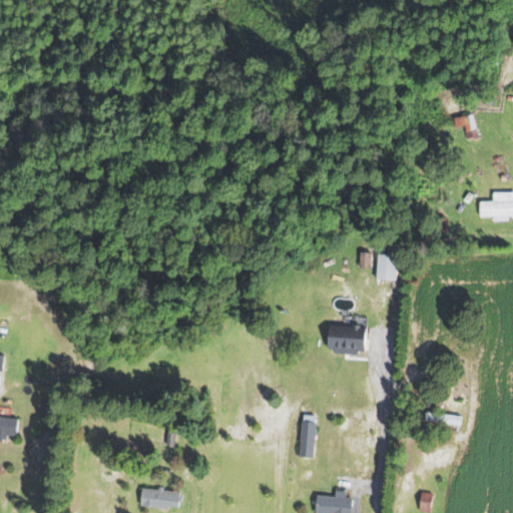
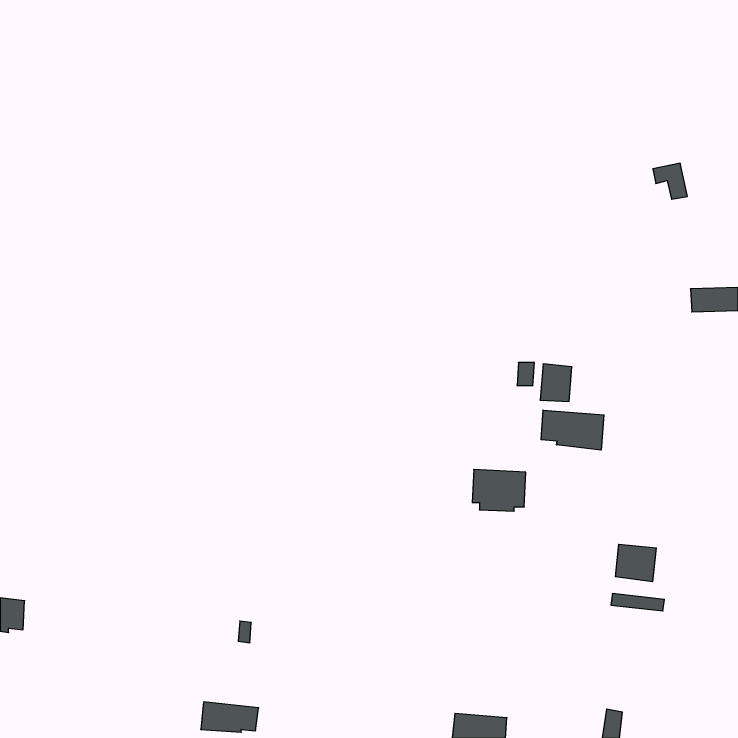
building: none -> [541,410,604,450]
building: none -> [615,544,656,582]
building: [297,420,316,458] -> none

